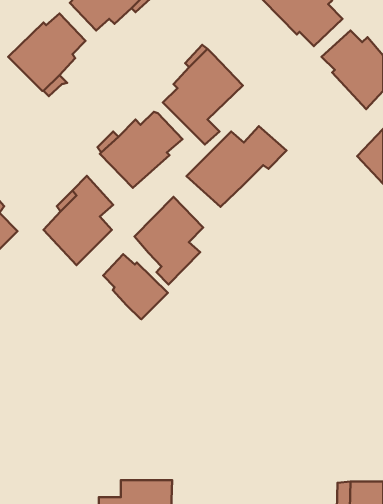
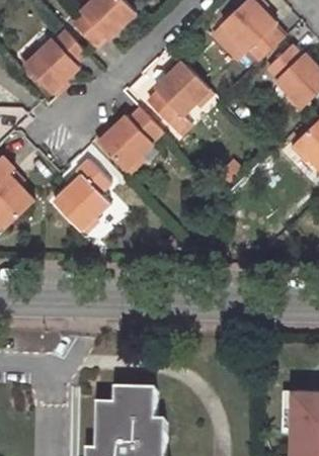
building: [187,126,287,207] -> none
building: [134,197,203,285] -> none
building: [103,254,168,319] -> none

